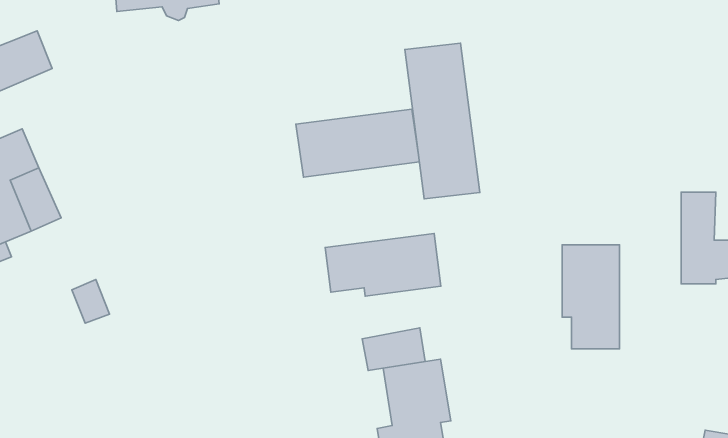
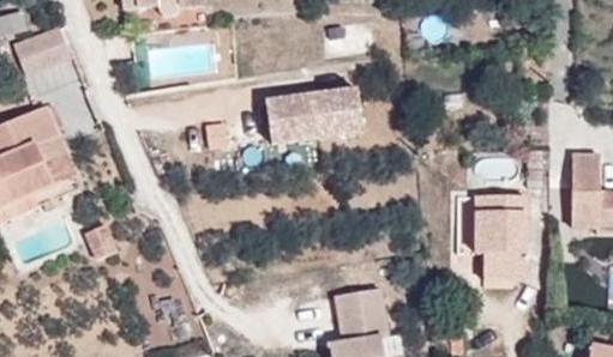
building: [405,43,480,199] -> none
building: [325,233,441,296] -> none
building: [362,328,425,370] -> none

